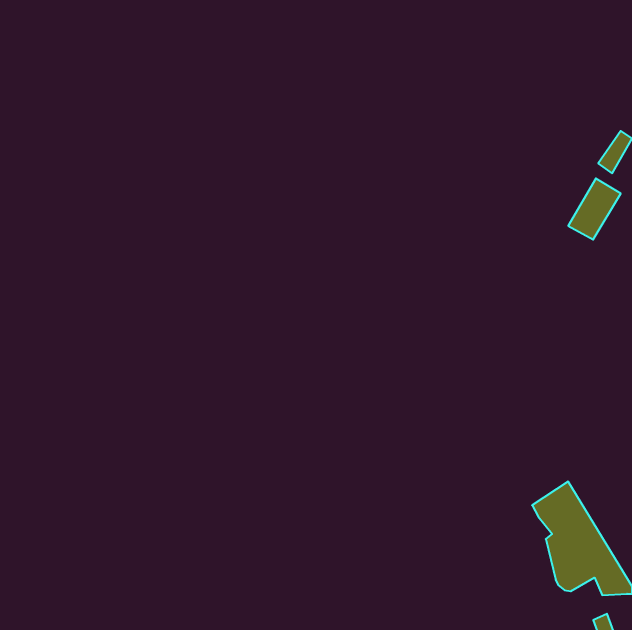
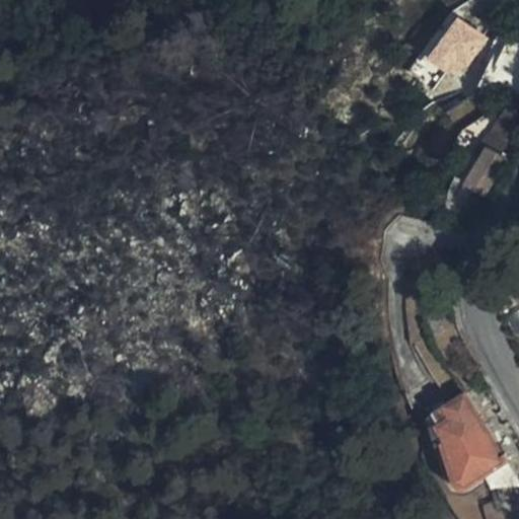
building: none -> [409,14,486,86]

